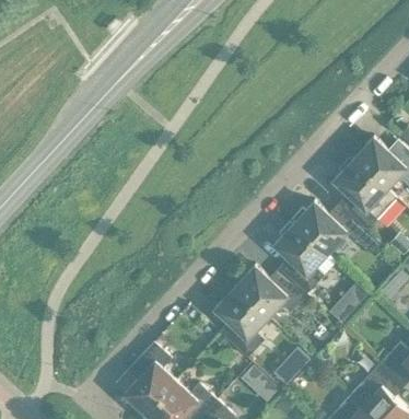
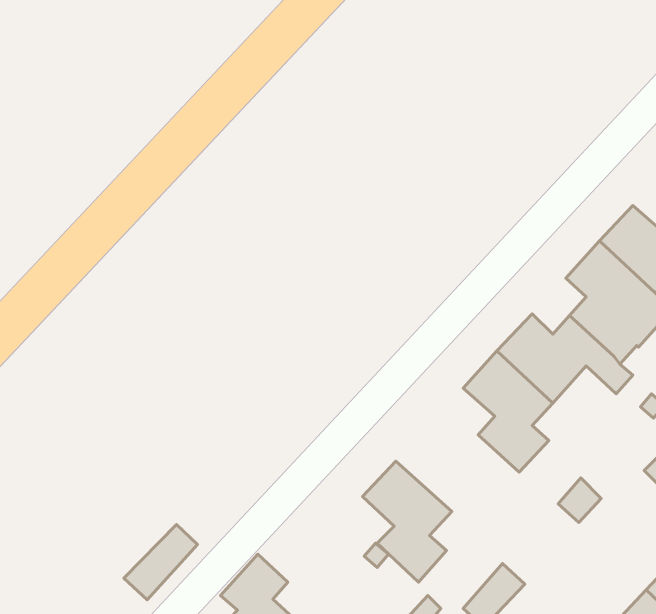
building: [235,266,312,317] -> none
building: none -> [124,524,197,600]

